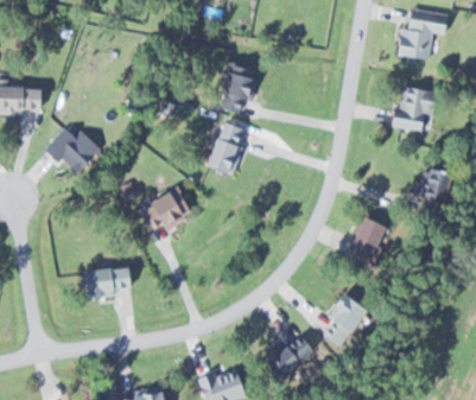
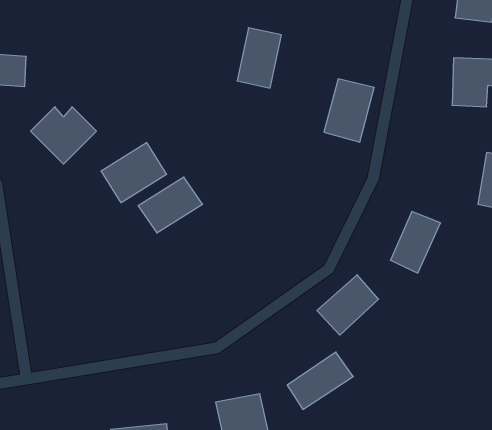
building: [207,122,248,174] -> [324,79,374,142]
building: none -> [101,142,167,203]
building: [80,265,131,298] -> none
building: [316,294,367,344] -> [317,275,379,335]

